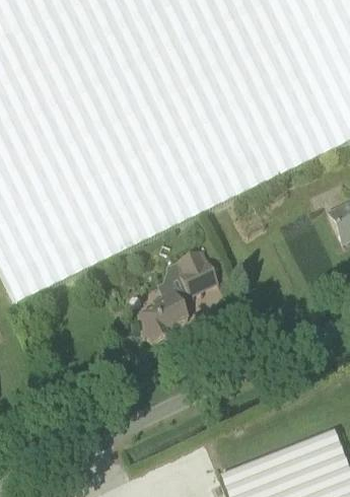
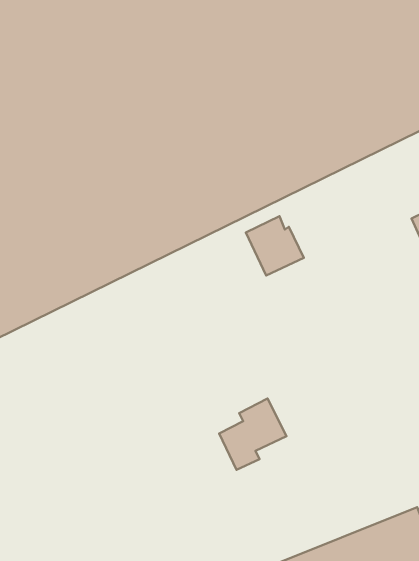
building: [173,250,217,294] -> [246,216,304,276]
building: [137,288,188,342] -> [219,398,287,470]

